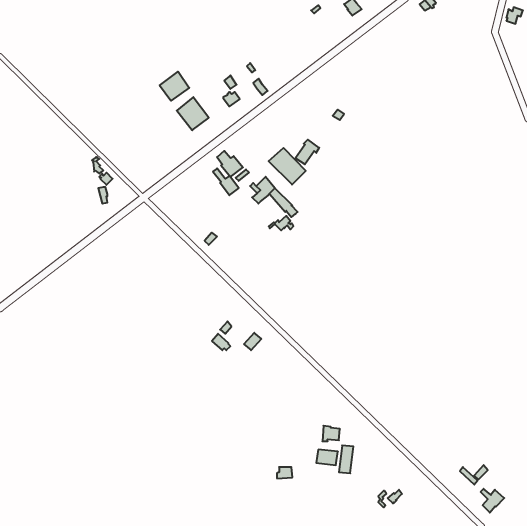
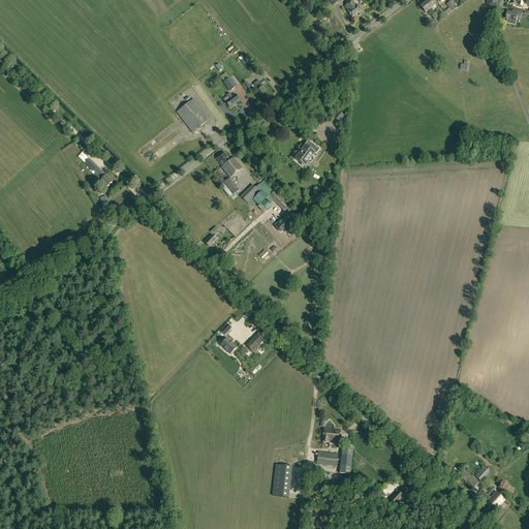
building: [160,72,189,101] -> none
building: [269,148,306,185] -> none

